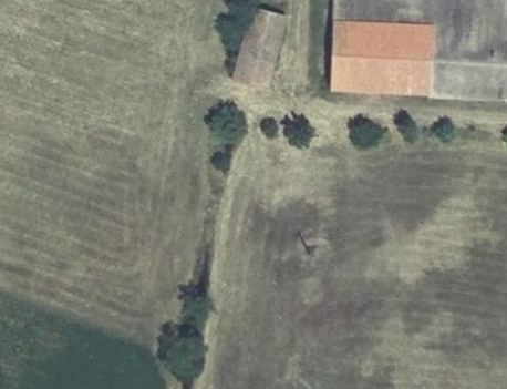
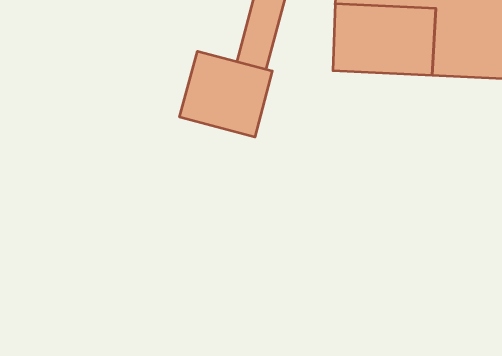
building: none -> [180,51,272,137]

